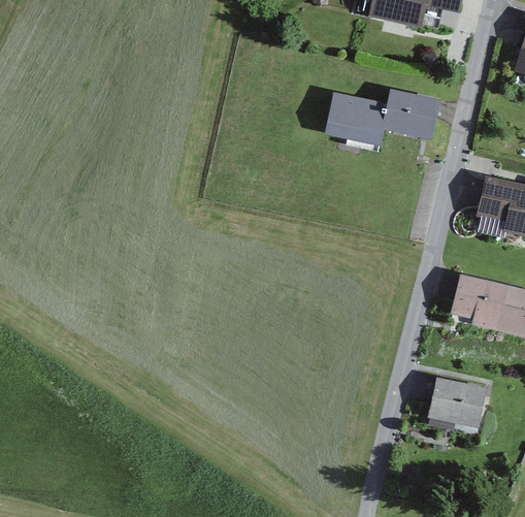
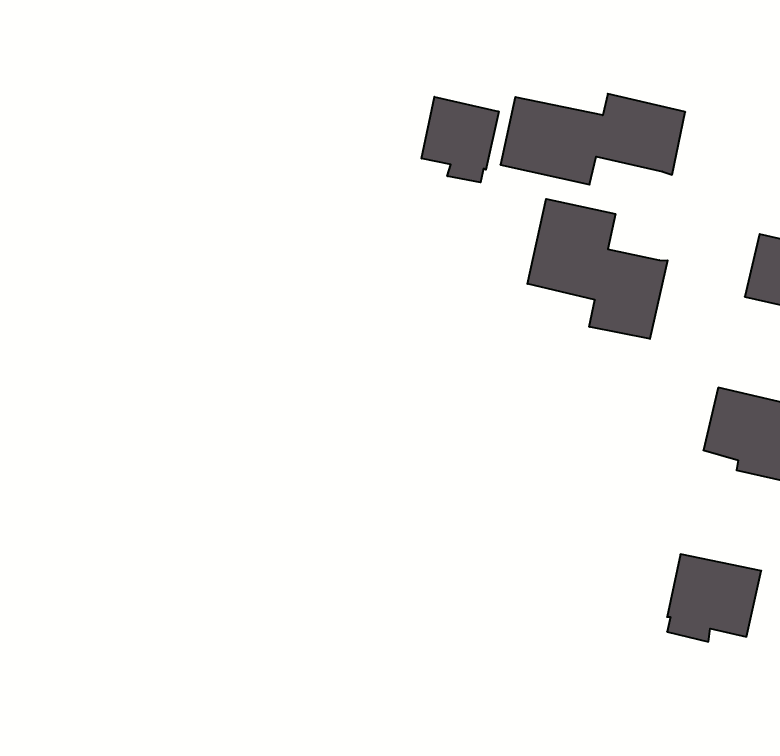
building: none -> [422,97,499,182]
building: none -> [527,199,668,339]

